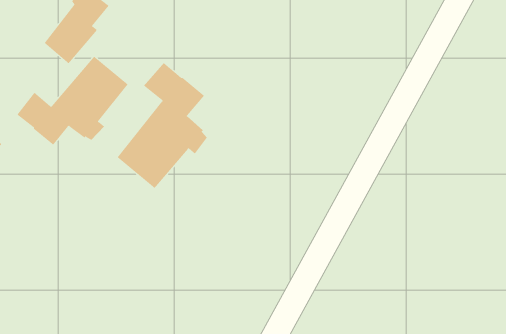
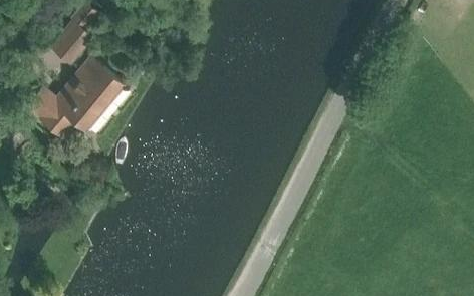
building: [117,62,207,189] -> none

